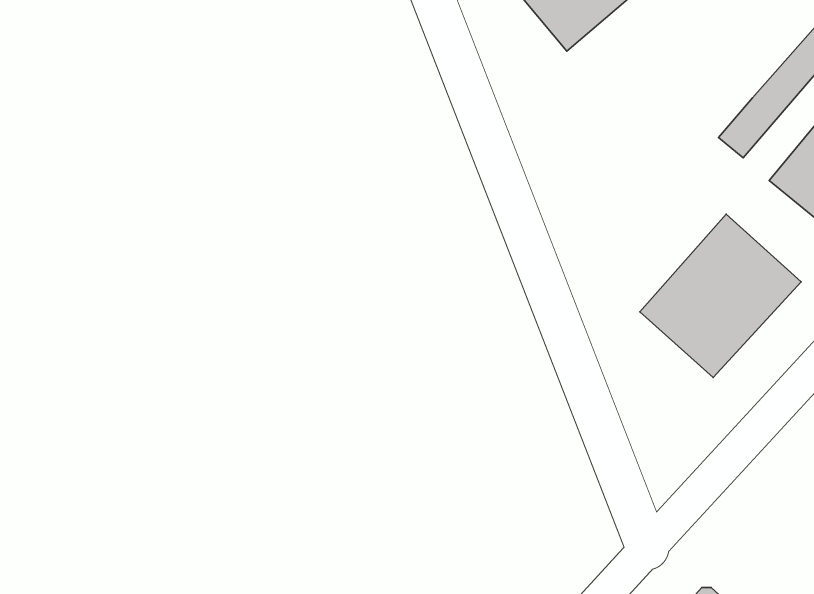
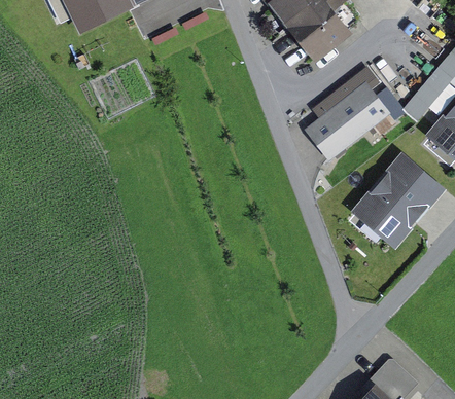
building: none -> [312,79,390,156]

